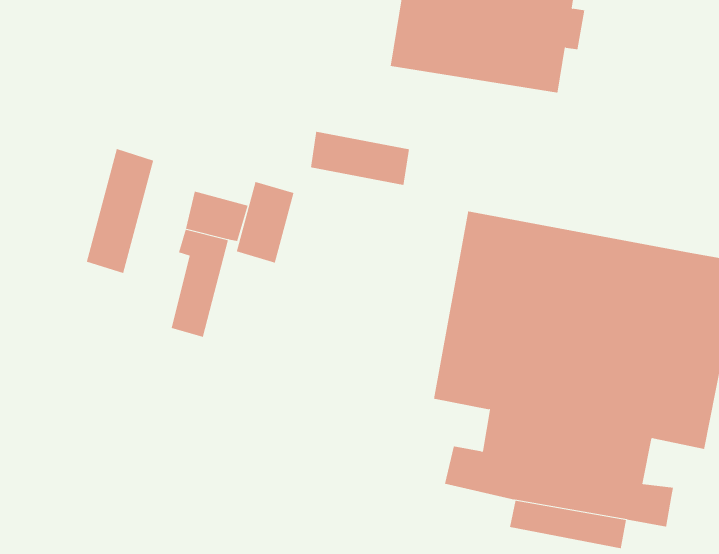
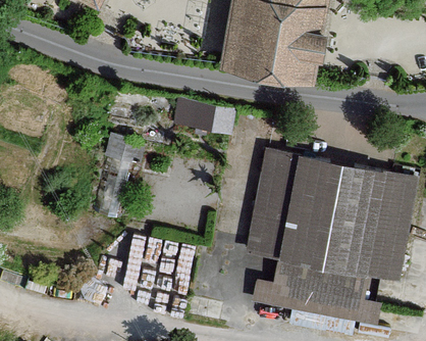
building: [86,148,154,274] -> none
building: [236,181,294,263] -> none

